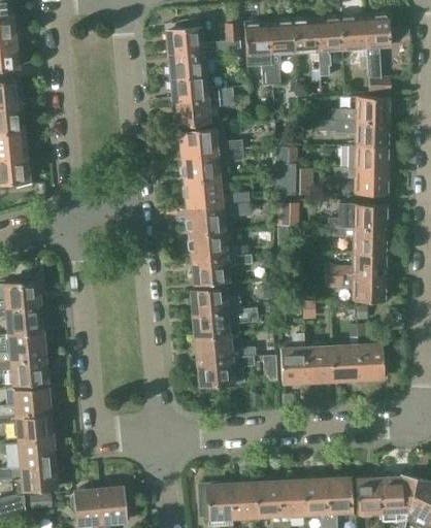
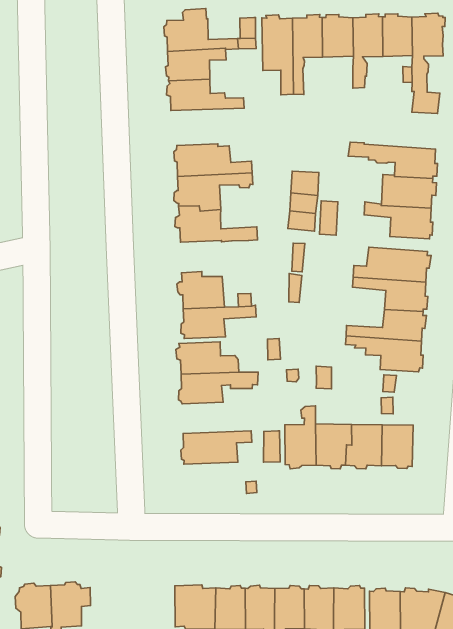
building: [172,98,234,128] -> none
building: [331,98,392,123] -> none
building: [185,205,223,235] -> none
building: [194,335,256,362] -> none

